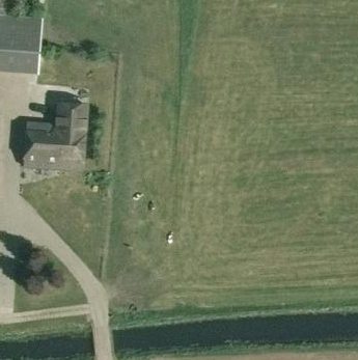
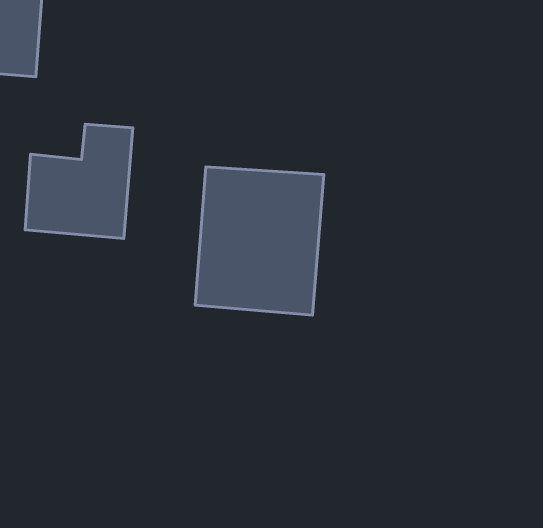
building: none -> [195,167,324,315]

